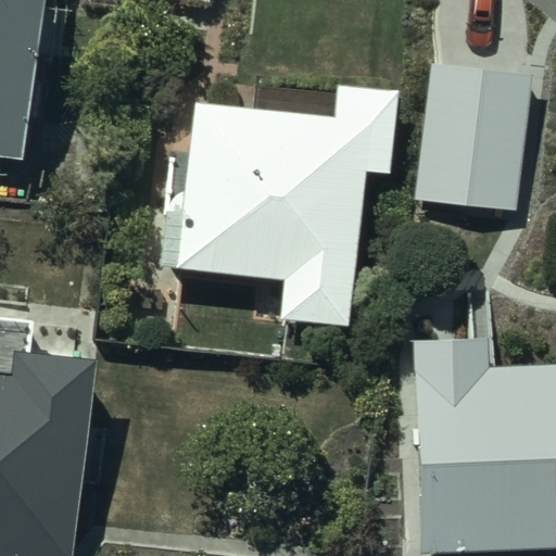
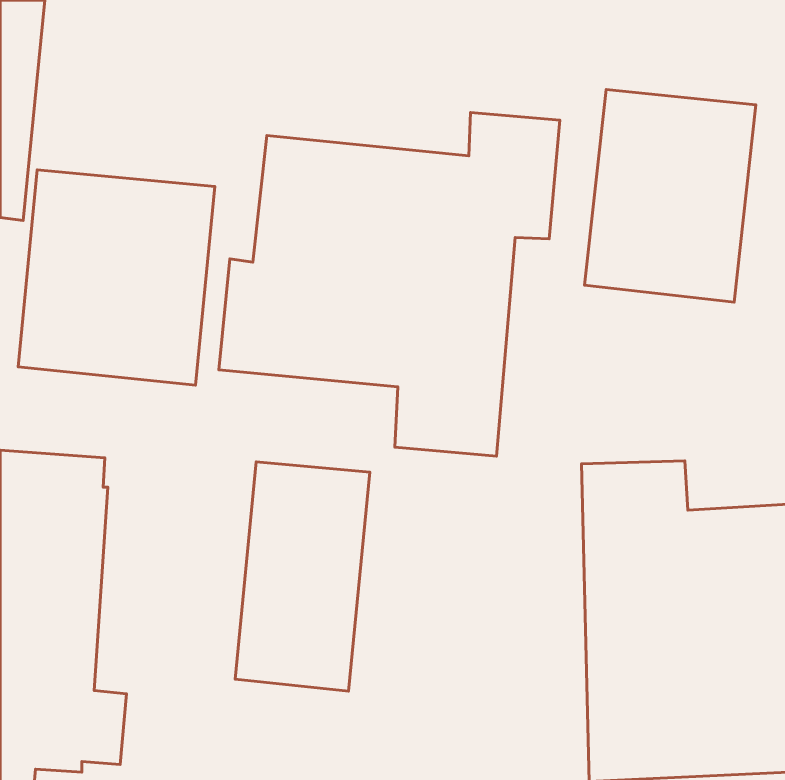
building: none -> [18,170,215,385]
building: none -> [235,462,370,691]

